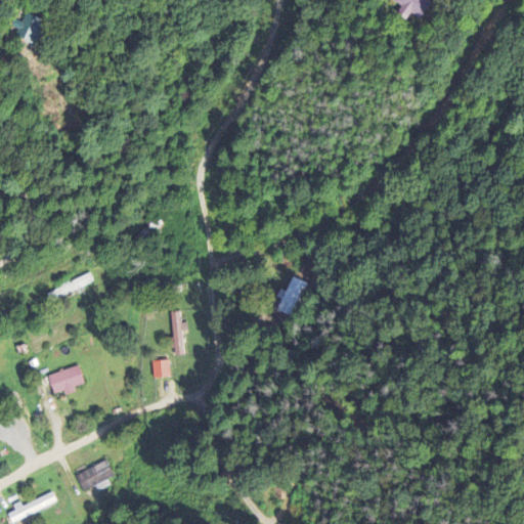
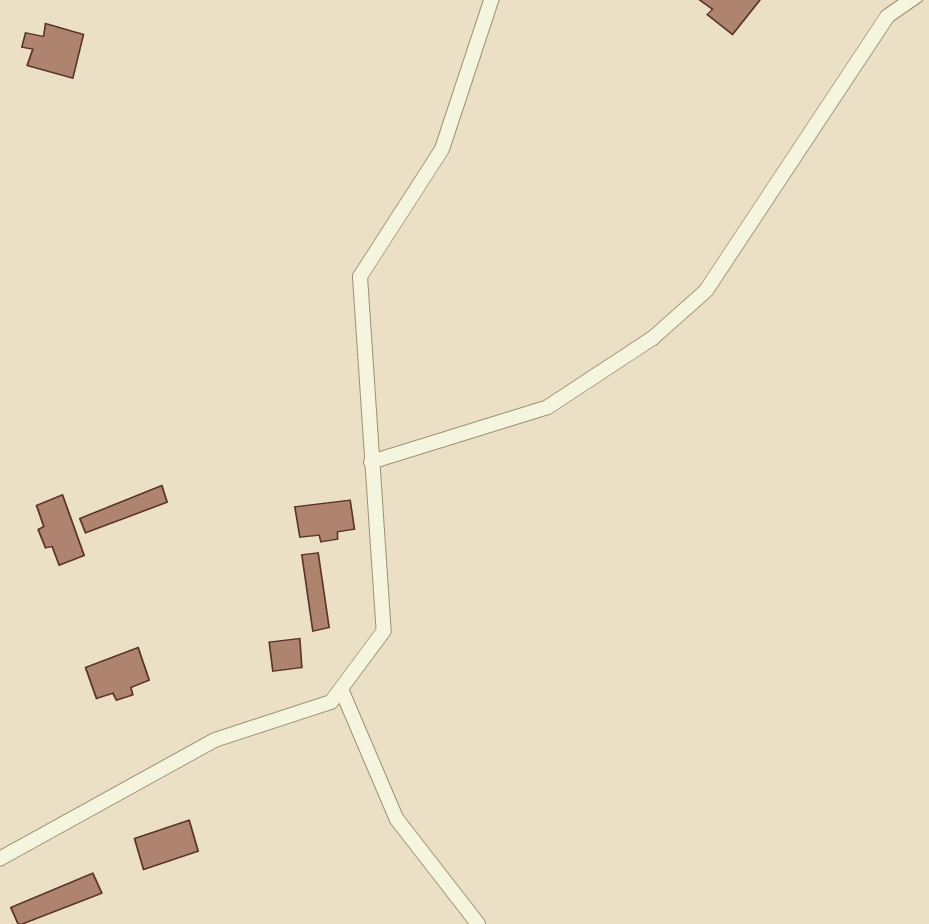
building: [278,276,306,316] -> none
building: none -> [36,495,84,565]
building: none -> [295,500,354,542]

